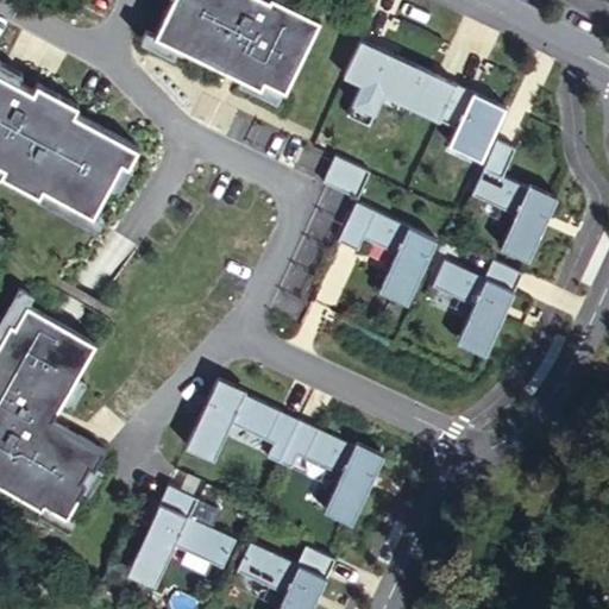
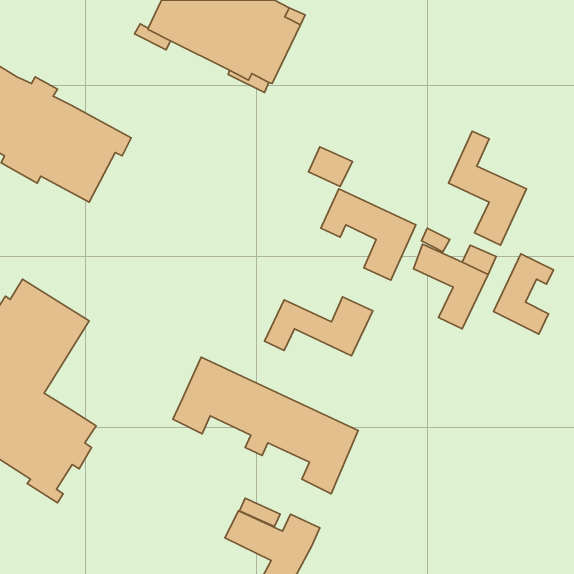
building: [346,43,503,161] -> none
building: none -> [493,254,553,334]
building: none -> [264,297,373,356]
building: [128,485,237,582] -> none

